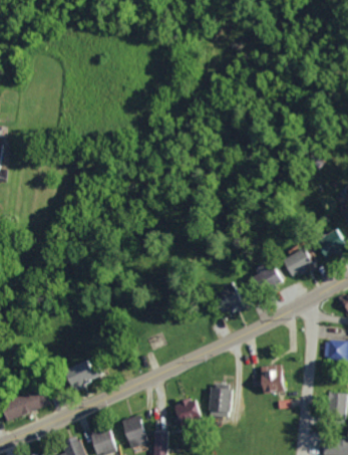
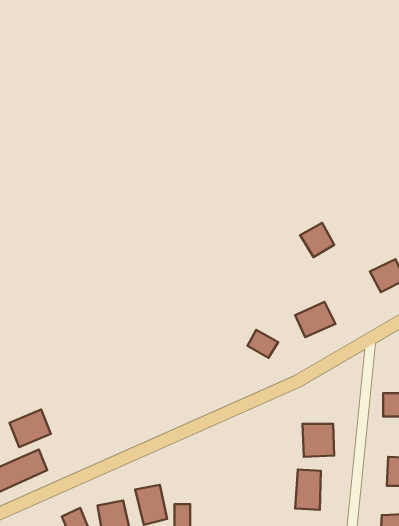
building: [282,250,310,278] -> [300,223,334,257]
building: [62,359,96,390] -> [9,409,51,447]
building: [209,384,230,417] -> [295,470,321,510]
building: [172,399,197,423] -> none

